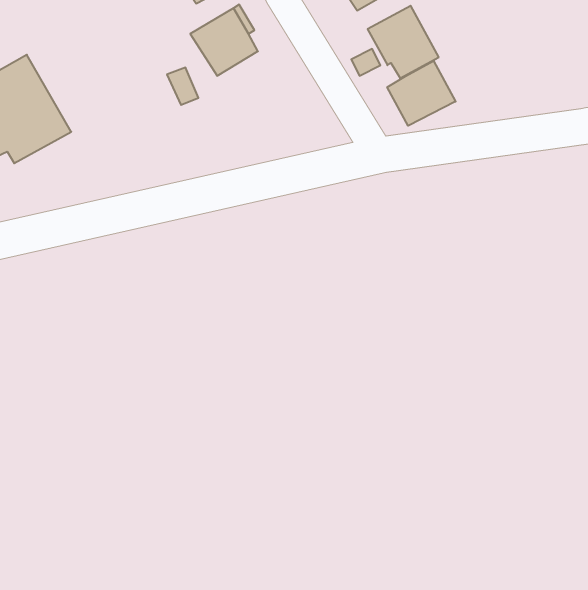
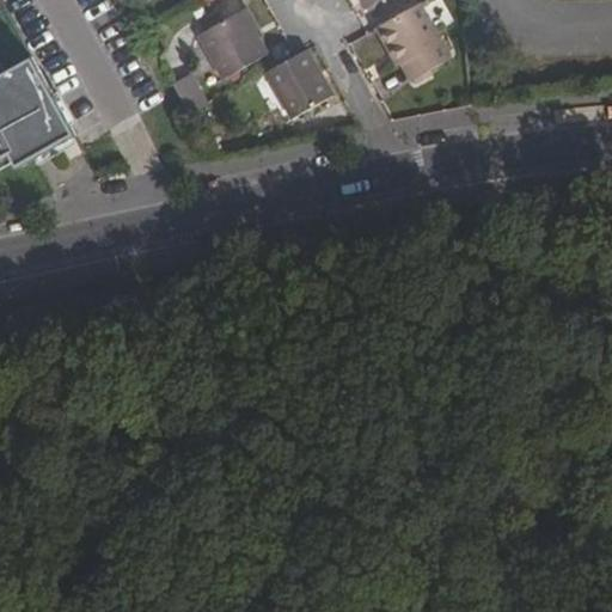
building: none -> [264,48,331,117]
building: [387,61,456,126] -> none

